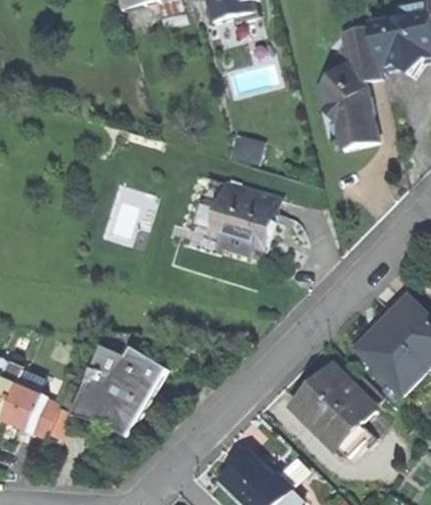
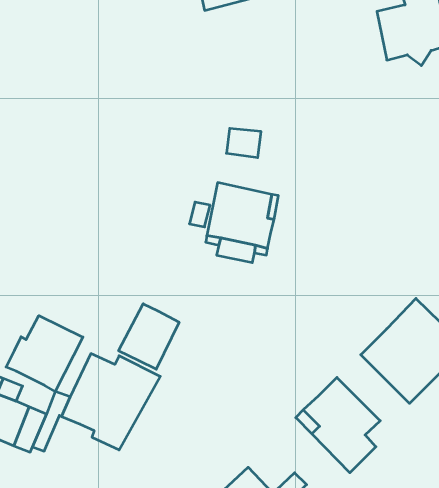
building: [315,24,381,149] -> none
building: none -> [119,304,179,369]
building: none -> [6,316,83,392]

